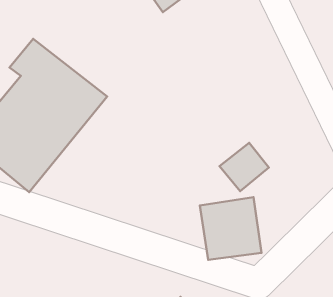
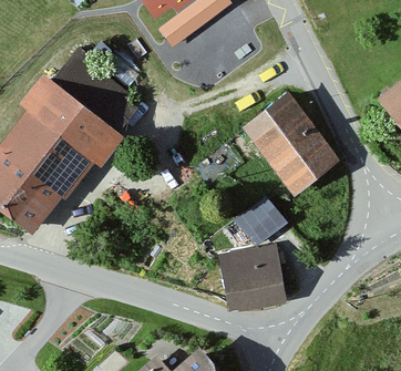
building: none -> [240,93,341,198]

